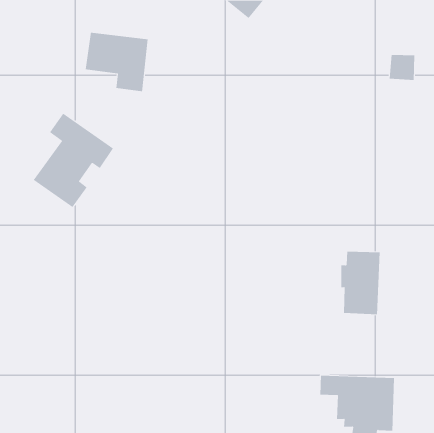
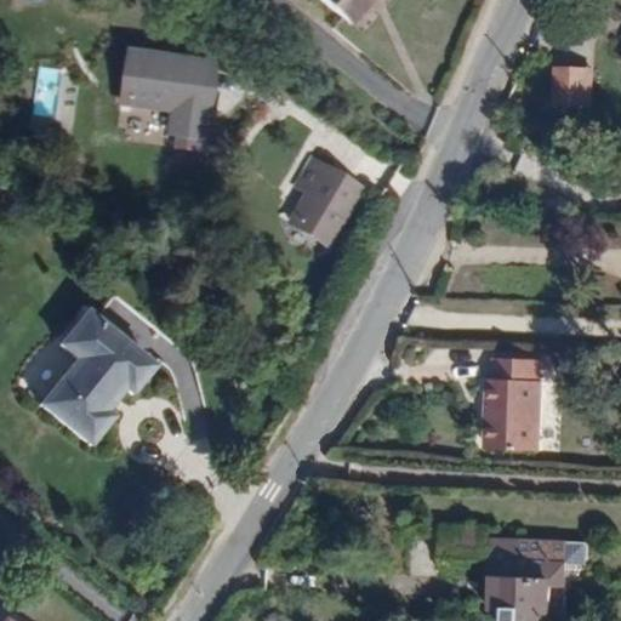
building: none -> [289,155,363,244]
building: [33,113,114,208] -> [39,306,154,441]

